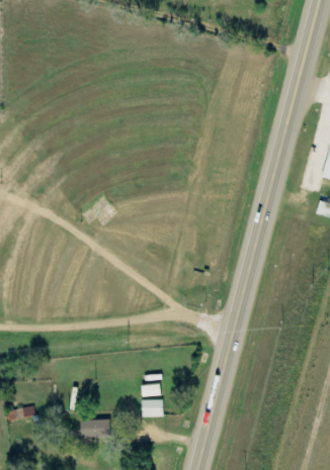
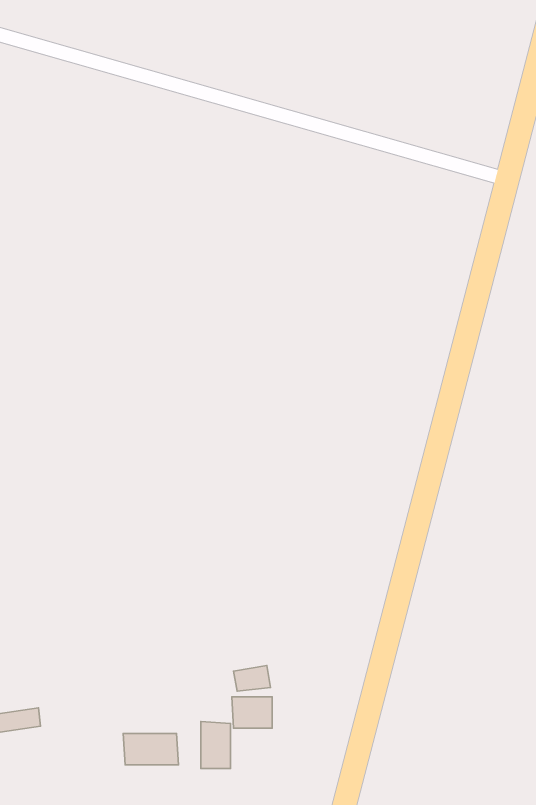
building: none -> [201,721,231,769]

